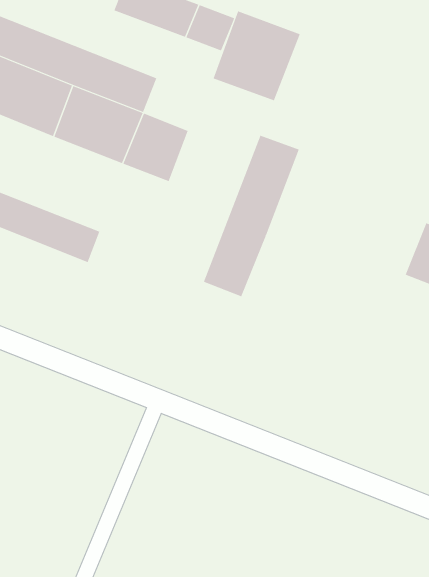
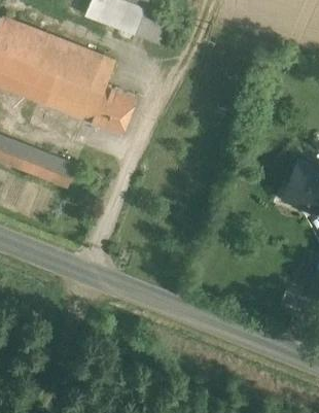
building: [213,10,301,101] -> none
building: [203,135,299,297] -> none

